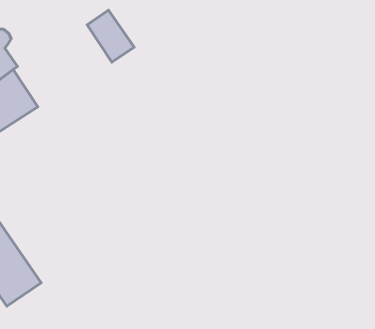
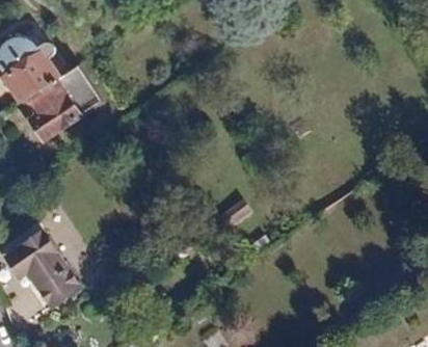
building: [87,10,134,62] -> [56,63,102,114]

